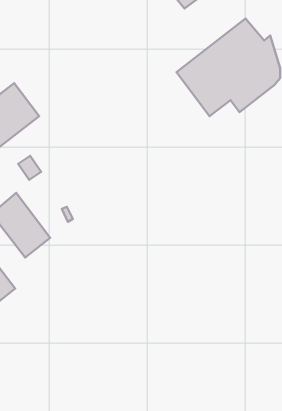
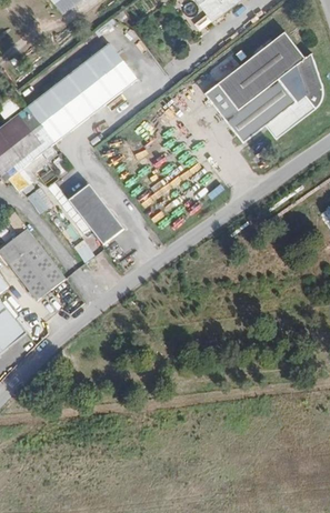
building: none -> [24,41,134,141]
building: none -> [74,189,129,249]

